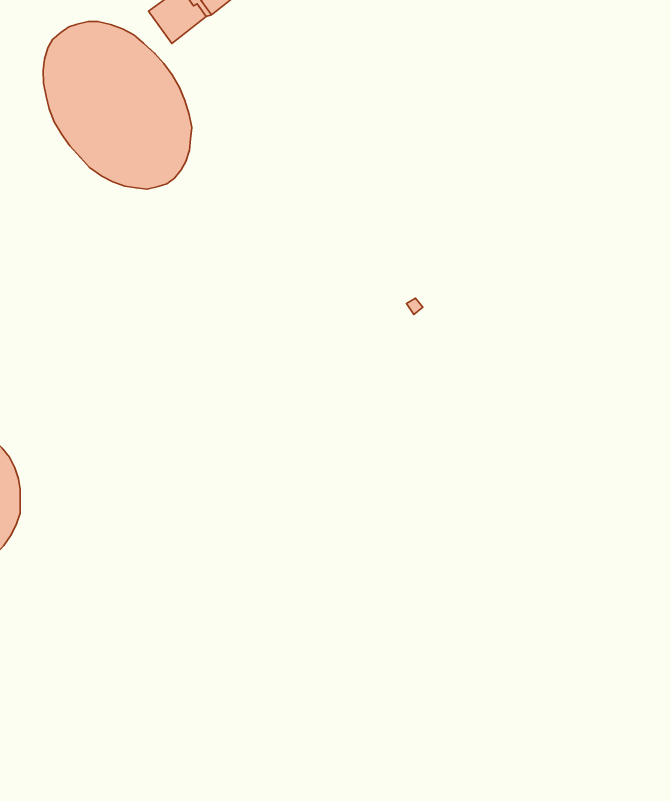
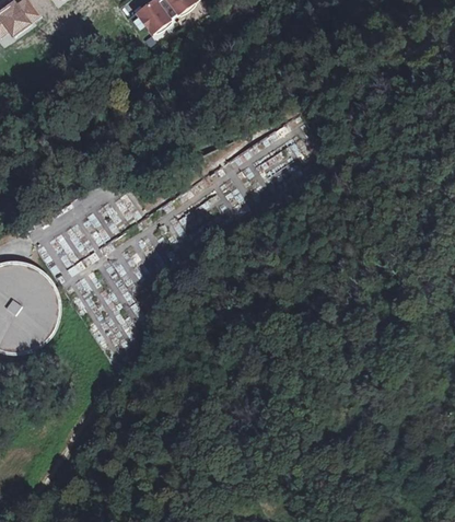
building: [43,21,192,189] -> none

